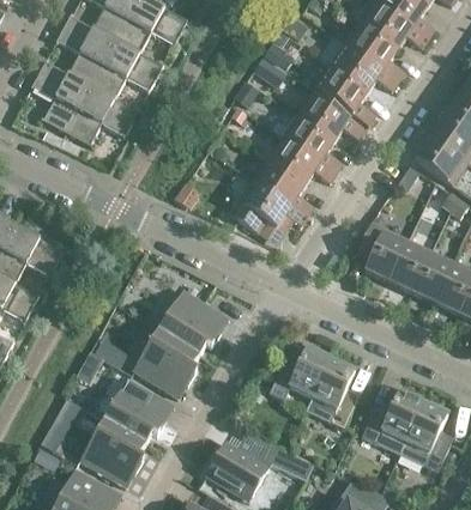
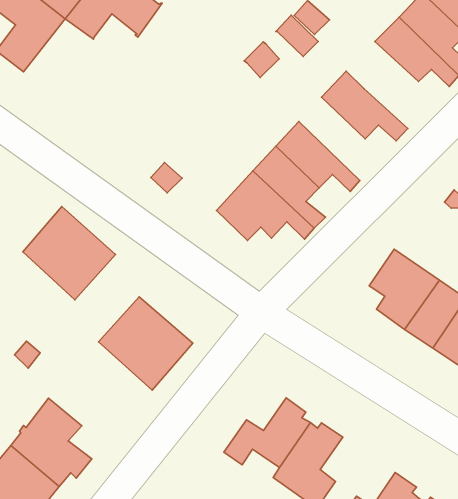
building: [314,66,375,125] -> none
building: [66,87,138,147] -> none
building: [282,115,343,174] -> none
building: [133,329,204,399] -> [23,206,115,300]

